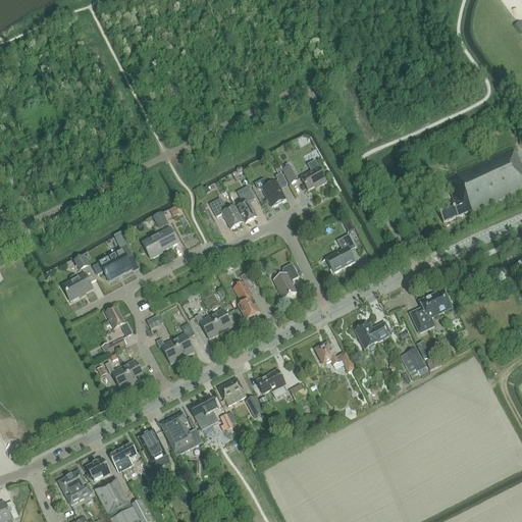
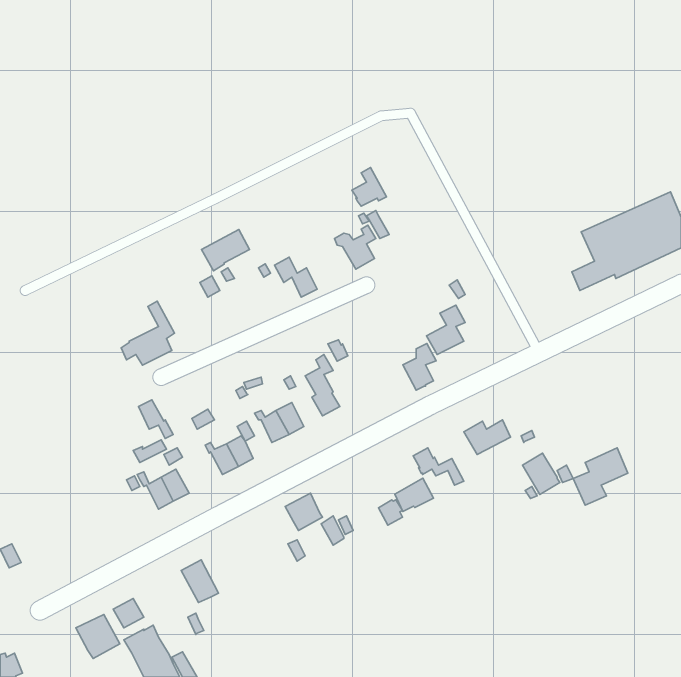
building: [301,159,327,189] -> [352,167,386,206]
building: [237,185,257,222] -> none
building: [142,226,178,258] -> [202,229,250,271]
building: [63,253,97,300] -> none
building: [273,263,299,299] -> [403,343,436,390]
building: [410,289,452,332] -> [573,448,628,505]
building: [257,368,286,394] -> [395,478,434,512]
building: [190,396,218,429] -> none
building: [161,412,203,453] -> none
building: [109,442,137,472] -> none

